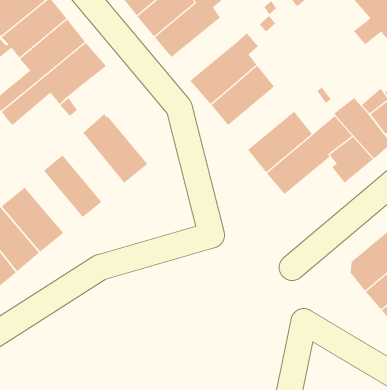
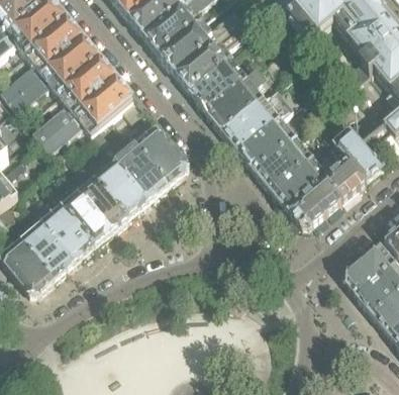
building: none -> [190,57,248,111]
building: none -> [239,116,298,172]
building: none -> [134,125,186,184]
building: none -> [95,157,148,217]
building: none -> [289,178,341,226]
building: none -> [62,190,112,244]

